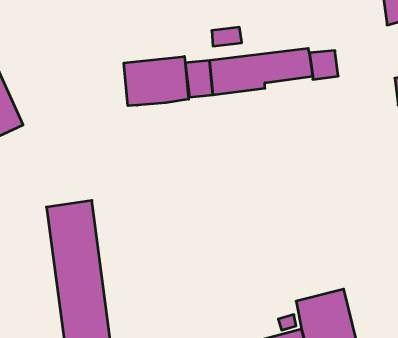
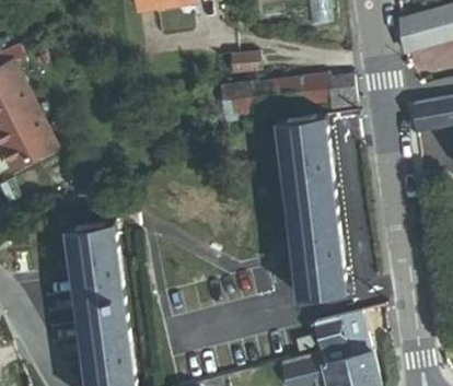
building: [124,56,189,106] -> none
building: none -> [279,116,344,296]

